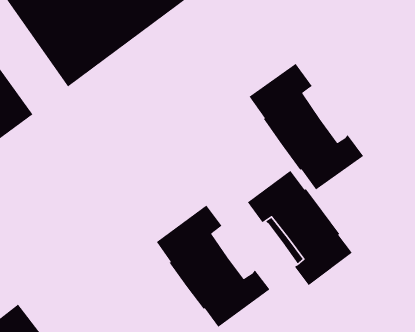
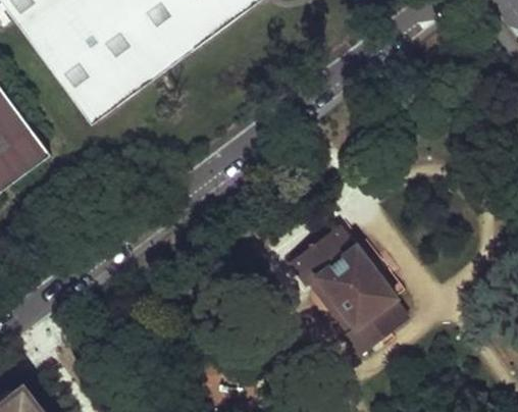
building: [249,63,364,190] -> none
building: [156,205,270,328] -> none

